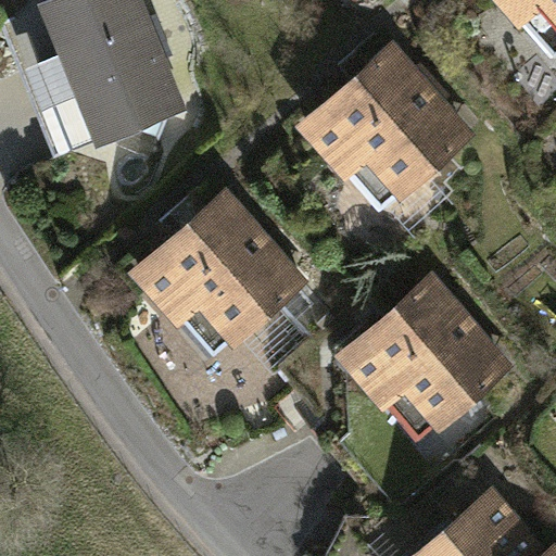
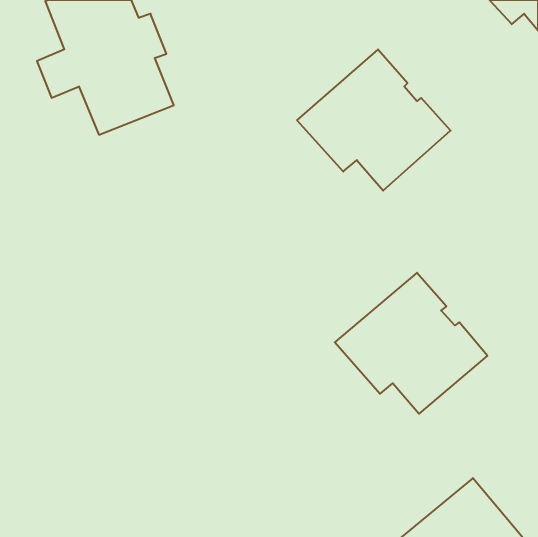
building: [139,198,296,341] -> none

